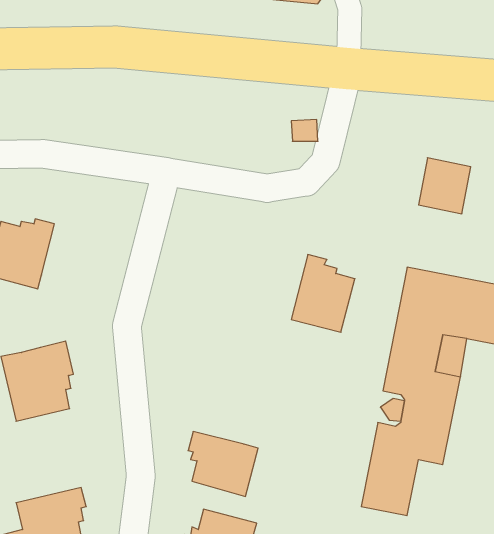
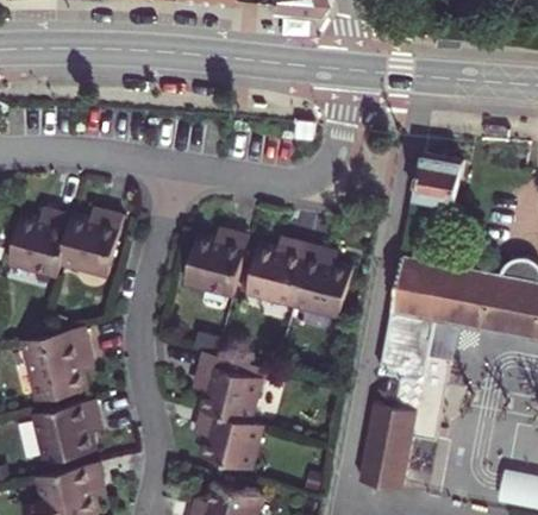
building: none -> [60,213,124,278]
building: none -> [184,232,249,297]
building: none -> [245,241,308,307]
building: none -> [195,353,263,423]
building: none -> [32,401,98,464]

